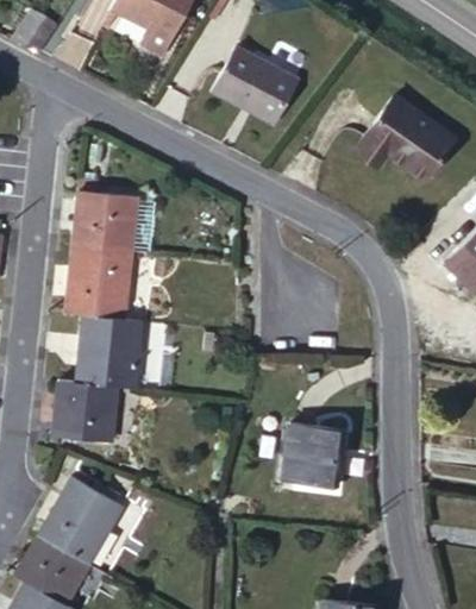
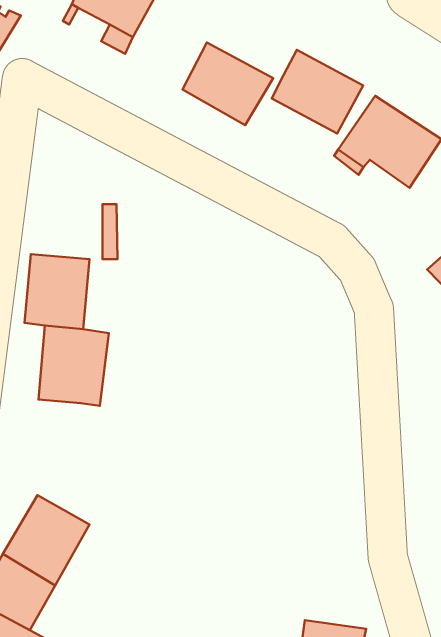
building: none -> [272,50,363,134]
building: [71,190,132,251] -> none
building: [55,381,118,440] -> none
building: [283,412,350,481] -> none

